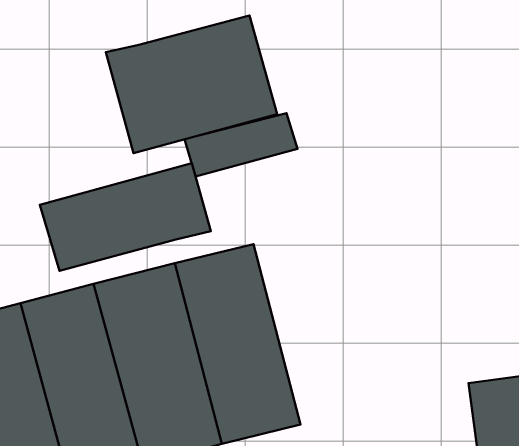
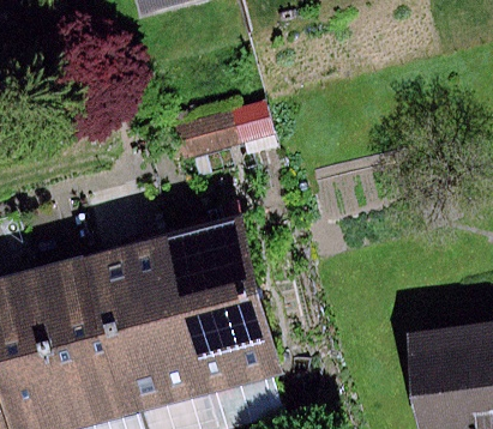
building: [106,16,277,153] -> none
building: [40,163,211,271] -> none

